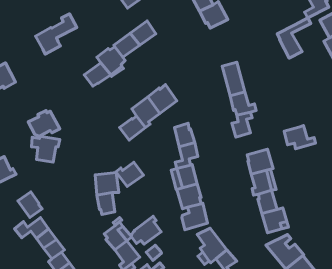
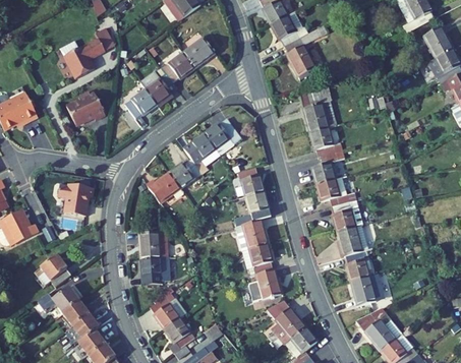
building: [277,18,311,58] -> [284,26,327,77]
building: [28,110,60,136] -> [67,92,107,124]
building: [284,126,316,149] -> [316,177,356,206]
building: [116,162,143,186] -> [148,172,182,202]
building: [131,216,161,244] -> none

